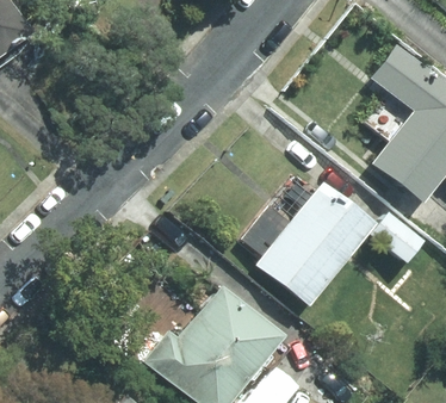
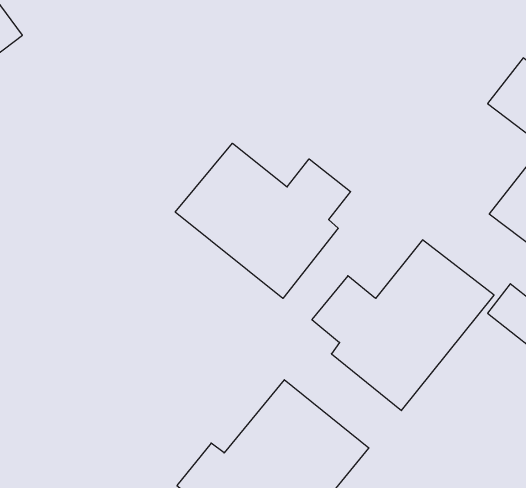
building: none -> [175,143,351,298]

